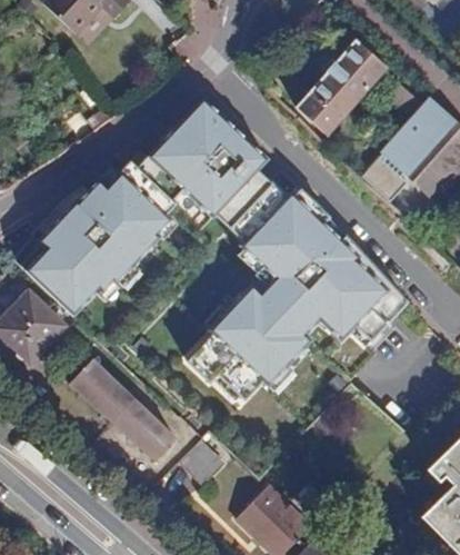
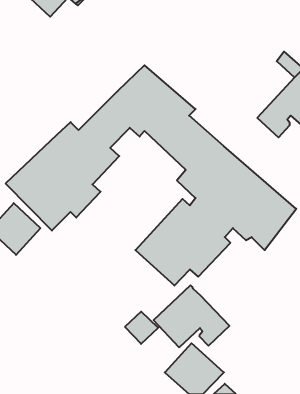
building: [294,38,386,133] -> none
building: [69,359,178,459] -> none
building: none -> [154,285,229,347]

